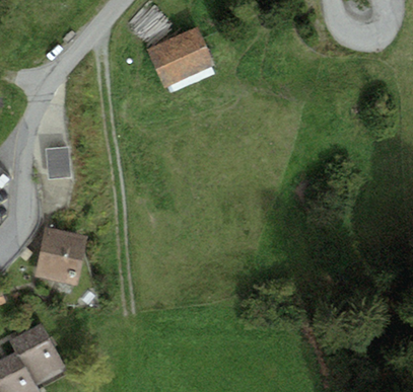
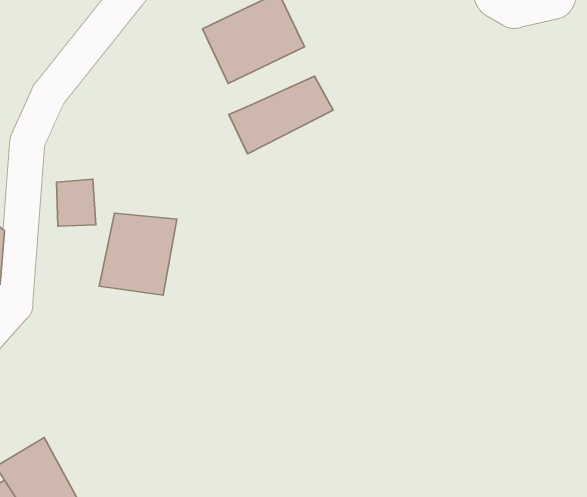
building: none -> [229,76,333,154]
building: [33,228,85,283] -> [99,213,177,295]

